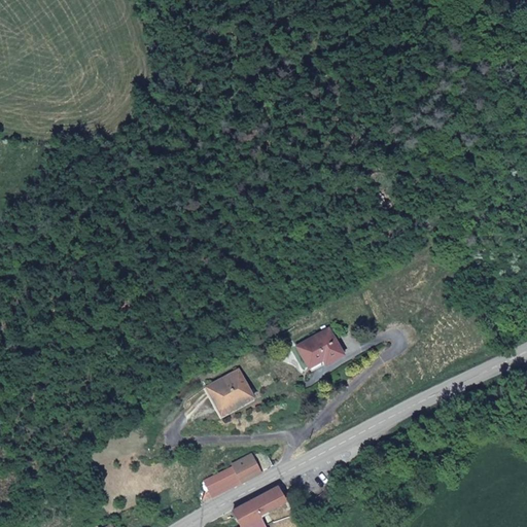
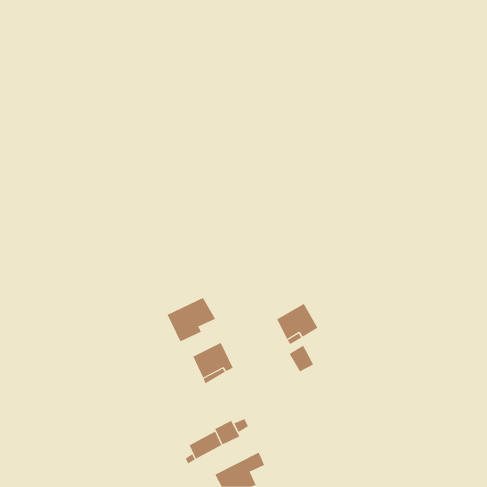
building: none -> [167,297,216,342]
building: none -> [289,345,314,372]

